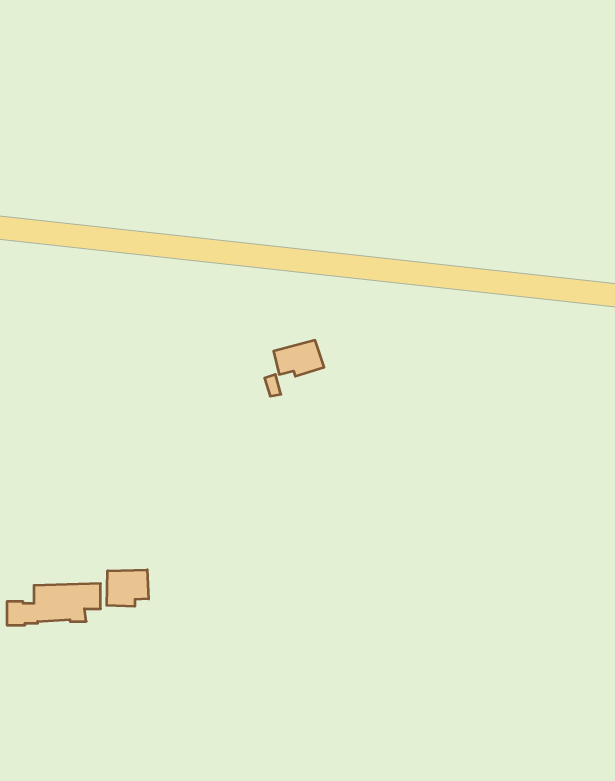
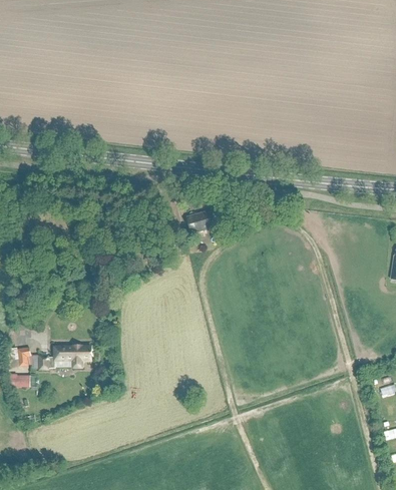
building: [107,570,149,606] -> none

